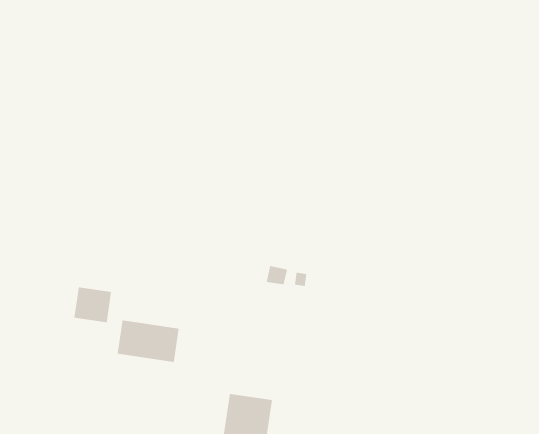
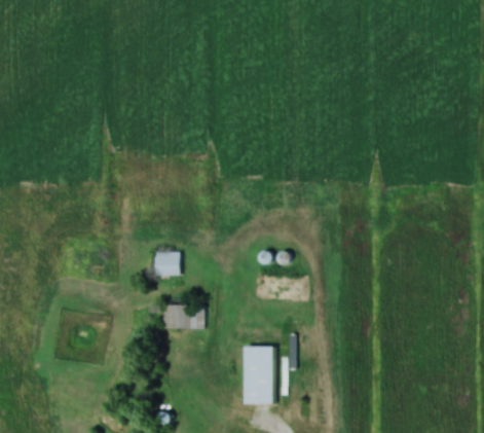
building: [73,287,112,323] -> [154,251,179,274]

